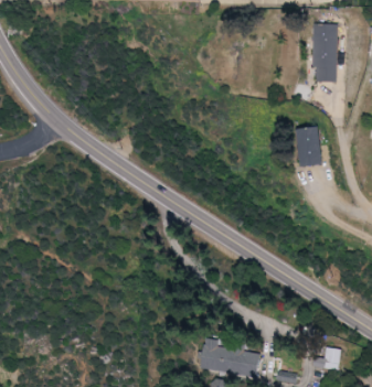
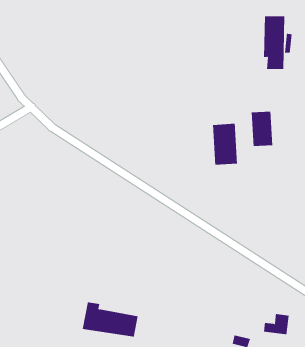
building: none -> [212,123,238,166]
building: [199,338,261,377] -> [82,302,139,337]

